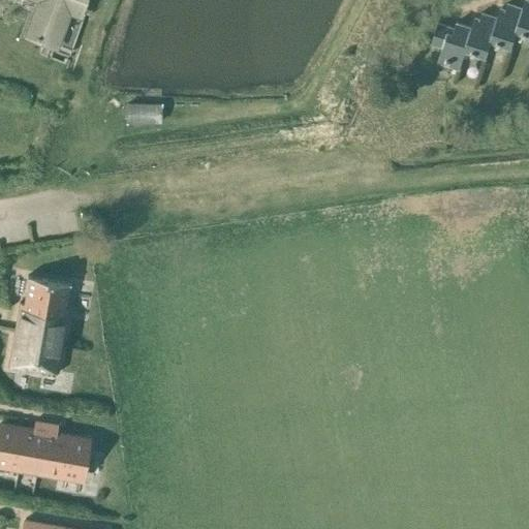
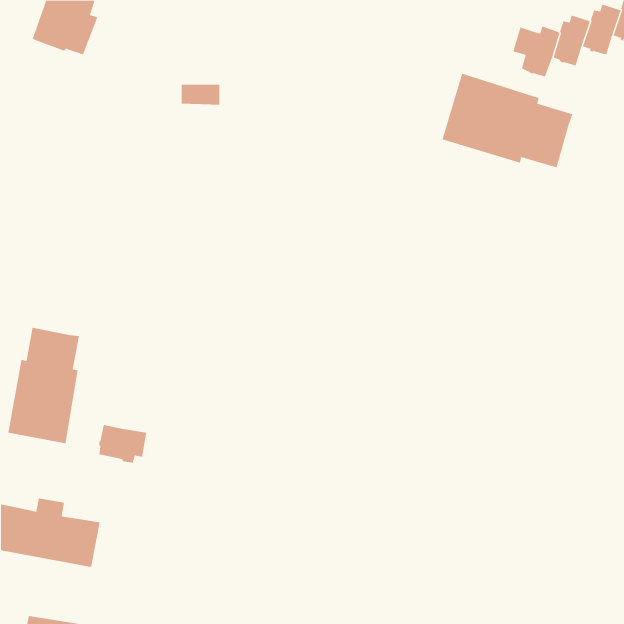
building: none -> [442,73,573,168]
building: [128,106,161,124] -> [181,84,220,105]
building: none -> [99,424,147,464]

